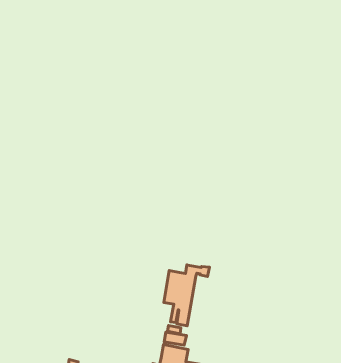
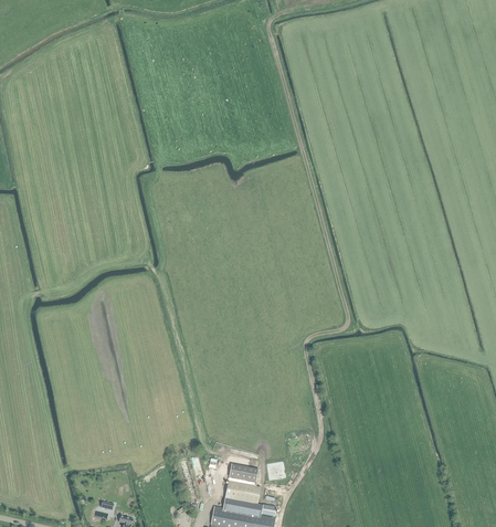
building: [164,265,210,326] -> none

